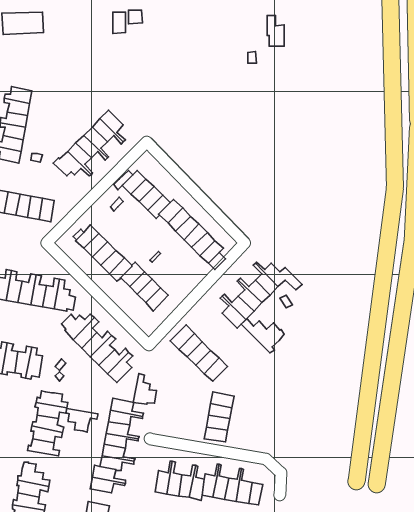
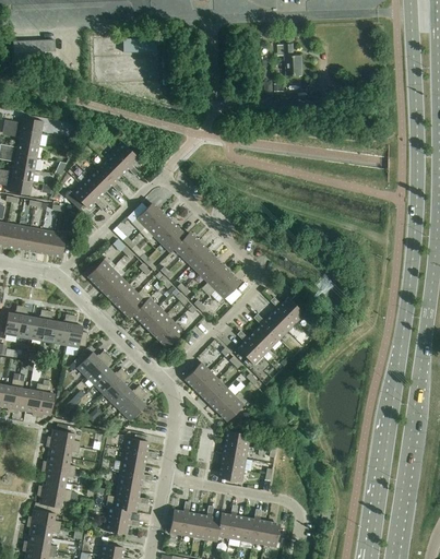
building: [241,319,284,353] -> none
building: [133,373,157,404] -> none
building: [66,409,98,432] -> [38,490,71,514]

